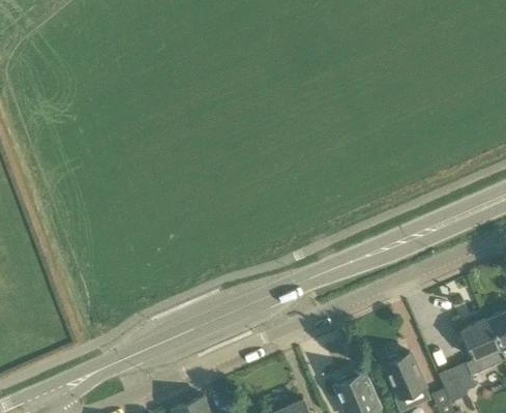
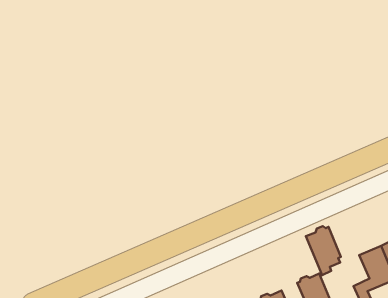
building: none -> [306,226,341,275]

